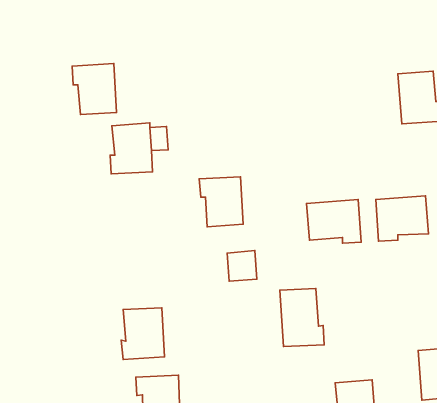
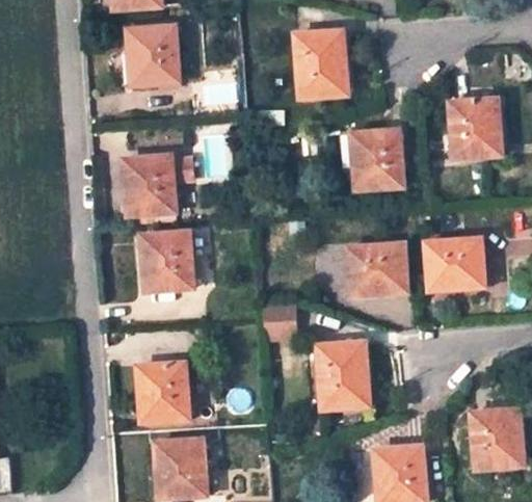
building: none -> [296,33,345,98]
building: [72,64,116,114] -> [128,27,178,84]
building: none -> [354,131,402,190]
building: [199,177,243,227] -> [140,235,190,291]

